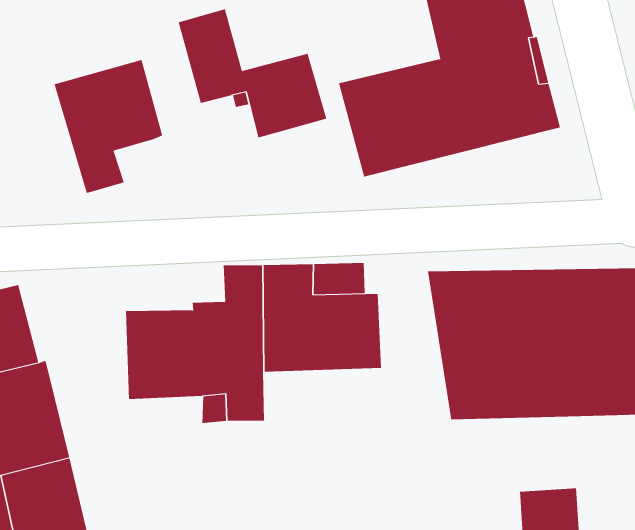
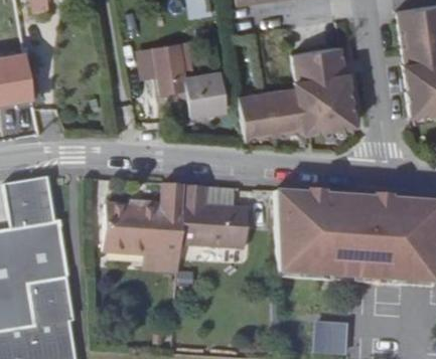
building: [54,59,163,194] -> none

